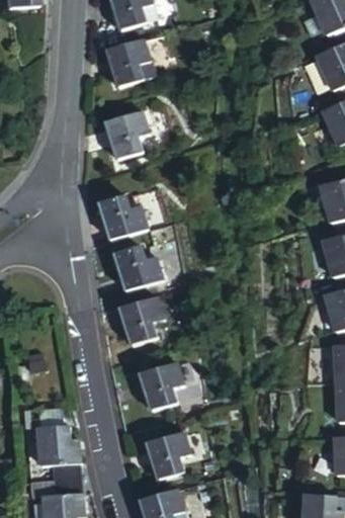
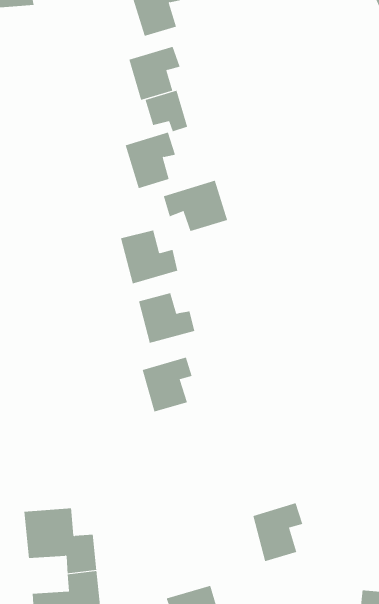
building: none -> [145,90,188,132]
building: none -> [163,180,228,232]
building: [141,365,183,411] -> none
building: [147,432,189,482] -> [253,503,303,562]

